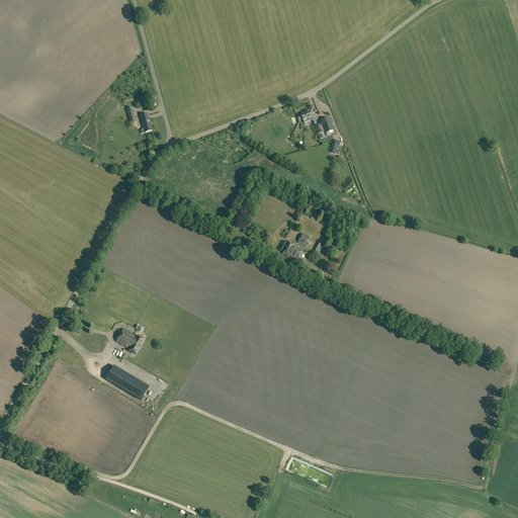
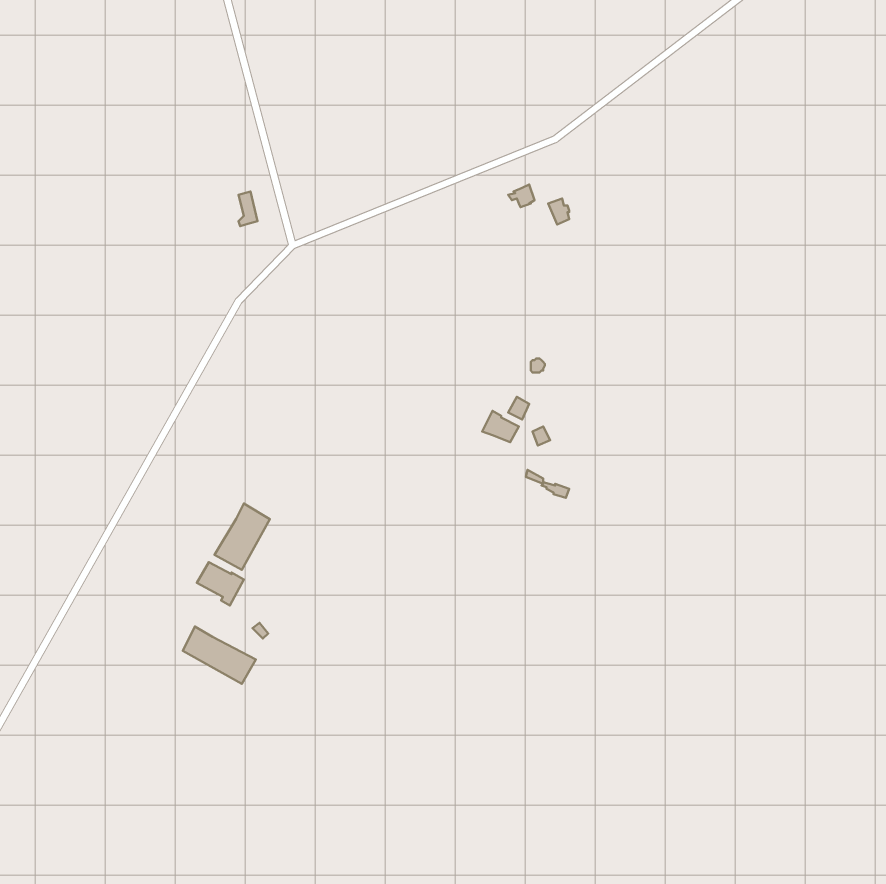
building: none -> [214,503,270,570]

